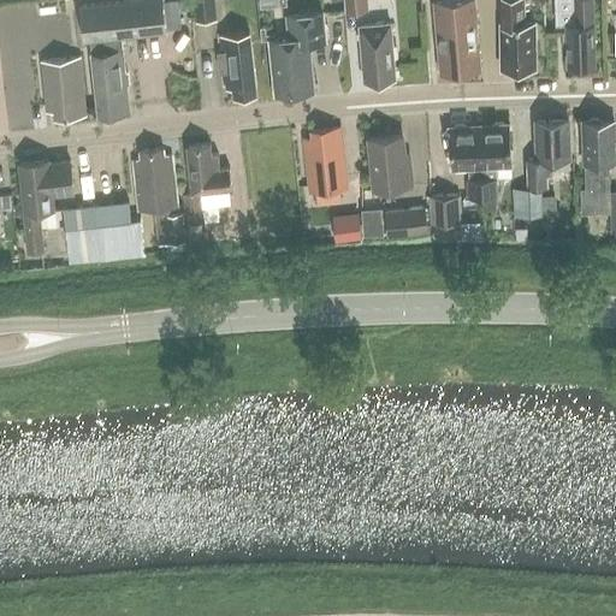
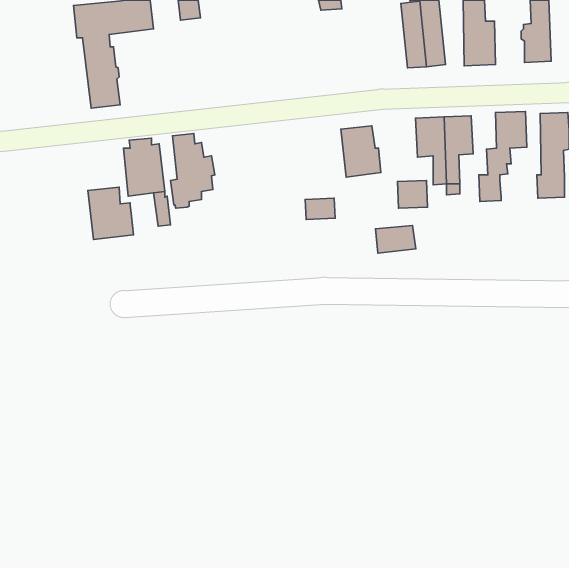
building: [271,14,324,97] -> none
building: [359,25,395,83] -> none
building: [218,34,256,99] -> none
building: [41,59,85,122] -> none
building: [304,130,346,192] -> none
building: [18,162,73,254] -> none
building: [64,207,101,263] -> none
building: [385,207,428,237] -> [376,225,416,253]

